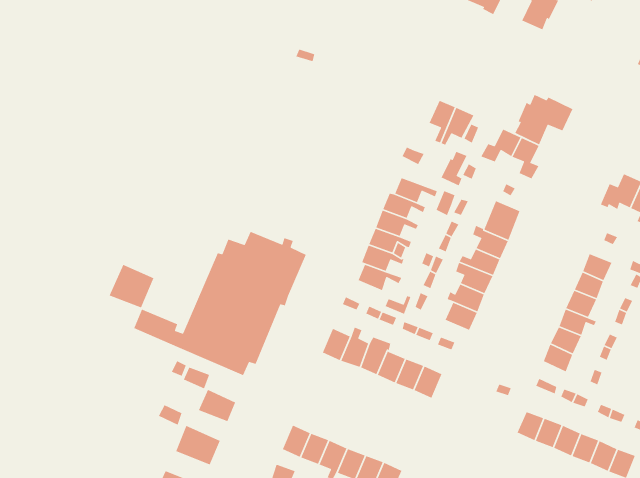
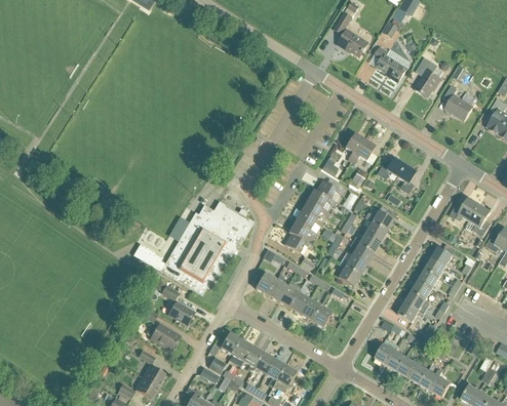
building: none -> [443,85,473,120]
building: [514,94,574,145] -> none
building: [109,264,154,309] -> none

